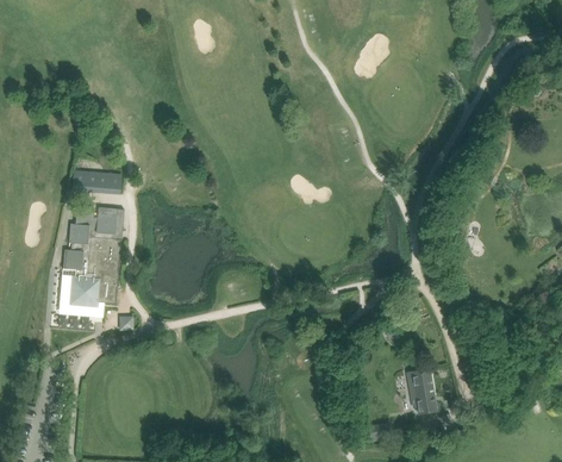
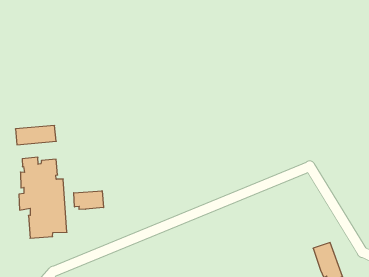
building: none -> [74,191,104,209]

